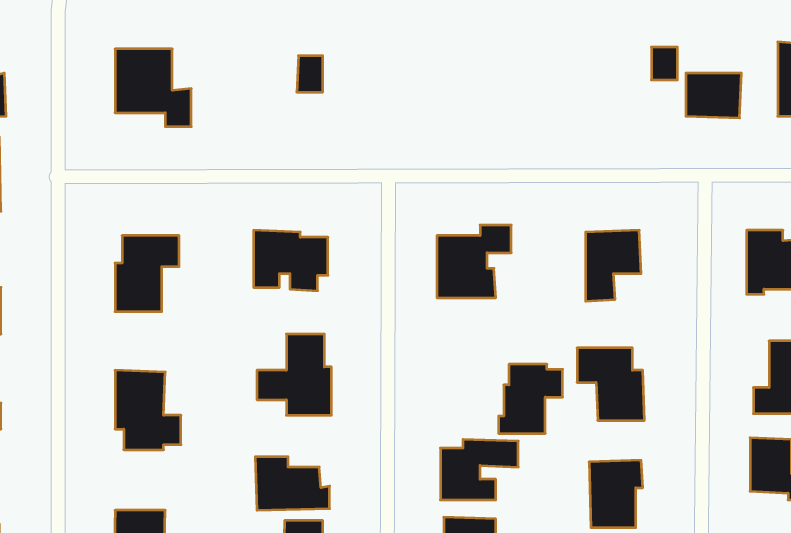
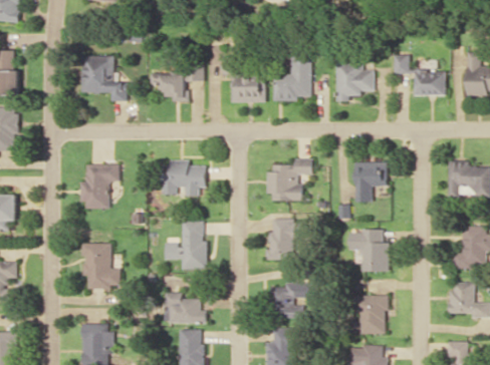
building: none -> [272,57,310,101]
building: none -> [335,63,373,101]
building: none -> [222,65,264,103]
building: none -> [150,74,184,99]
building: [499,364,563,433] -> [265,220,302,260]

